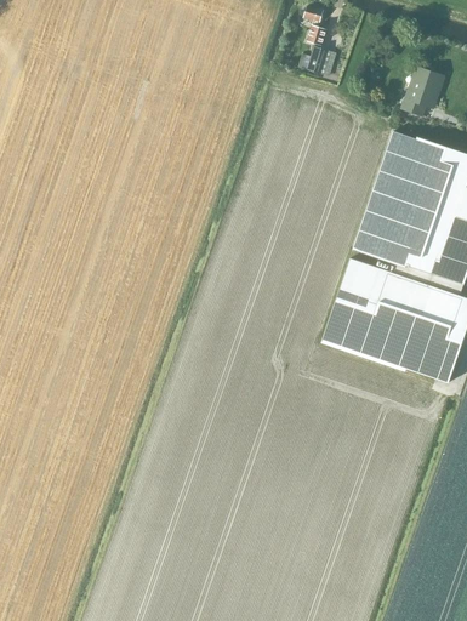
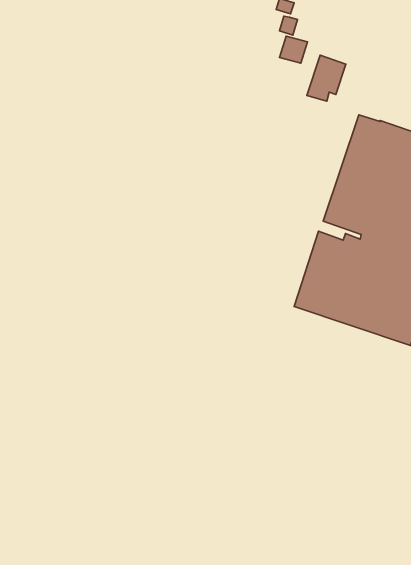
building: [400,65,443,115] -> [307,55,346,101]

